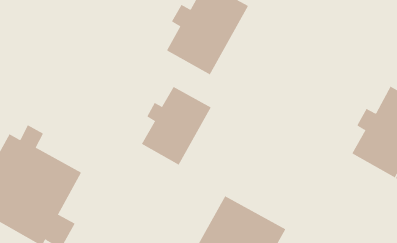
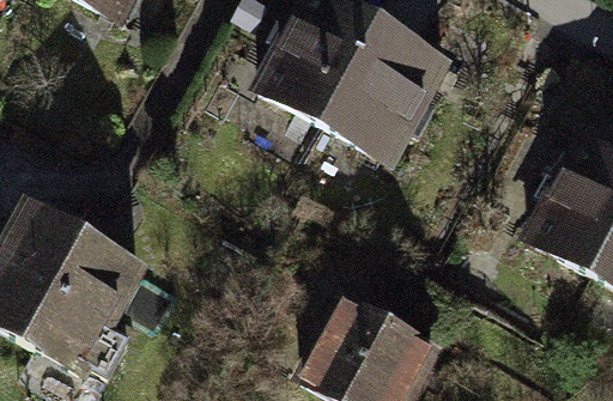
building: none -> [322,23,445,159]
building: [141,86,211,165] -> none

